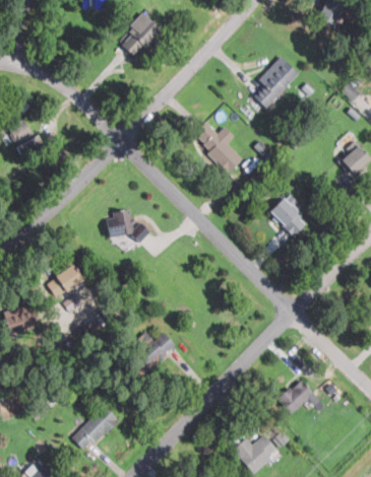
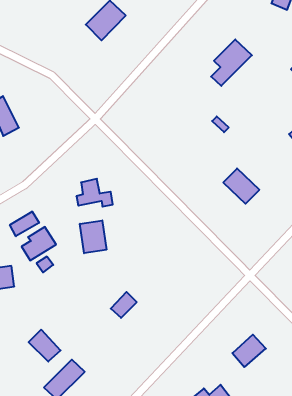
building: [192,122,243,173] -> none
building: none -> [10,211,39,236]
building: none -> [80,220,106,253]
building: none -> [29,330,61,362]

